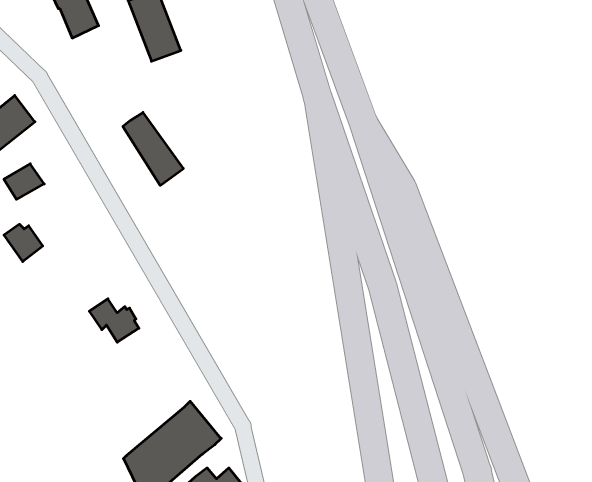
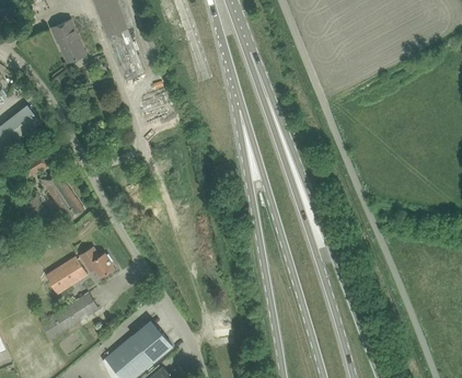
building: [123,112,183,185] -> [42,171,84,222]
building: none -> [45,256,86,294]
building: none -> [41,294,97,340]

